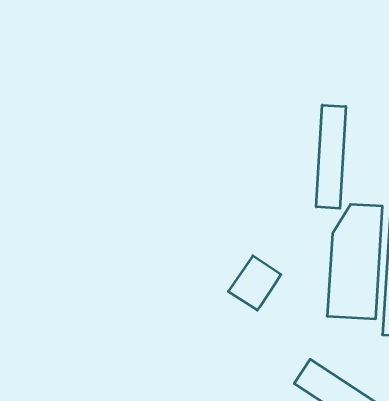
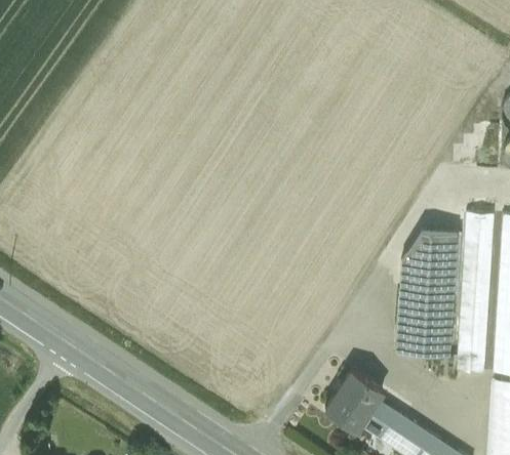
building: [316,105,346,208] -> none
building: [228,256,281,310] -> [325,371,383,430]

